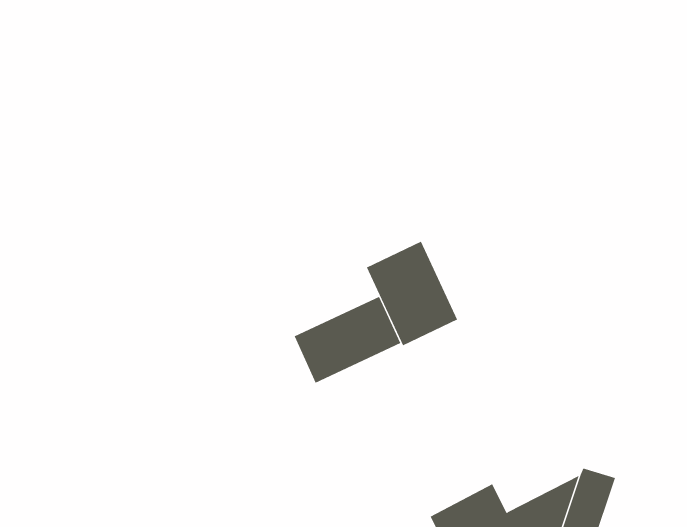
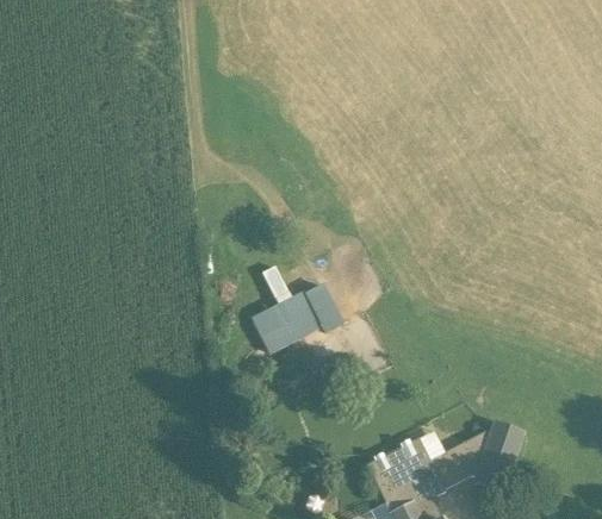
building: [366,241,458,346] -> none

